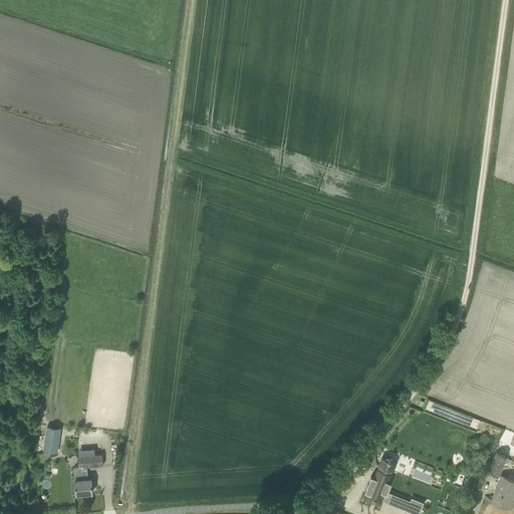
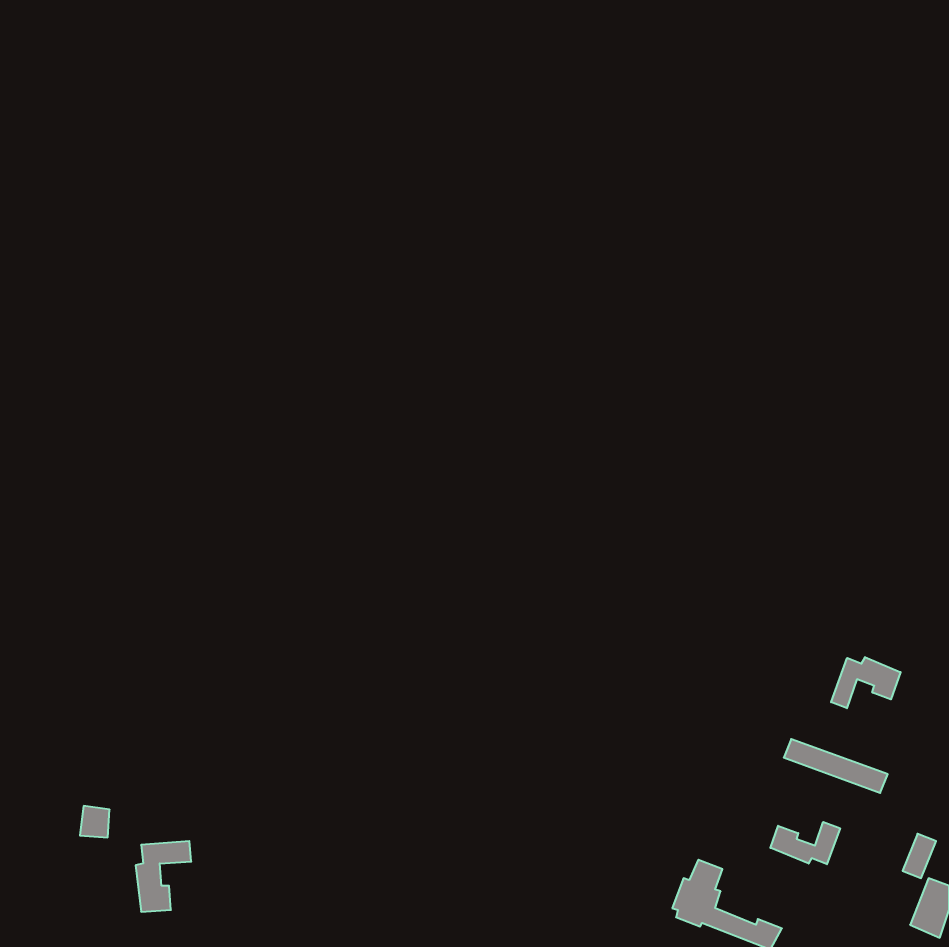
building: none -> [831,657,901,708]
building: none -> [770,822,840,864]

